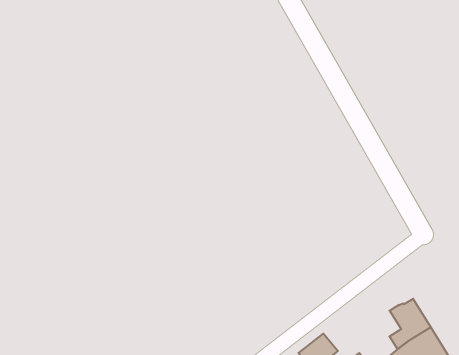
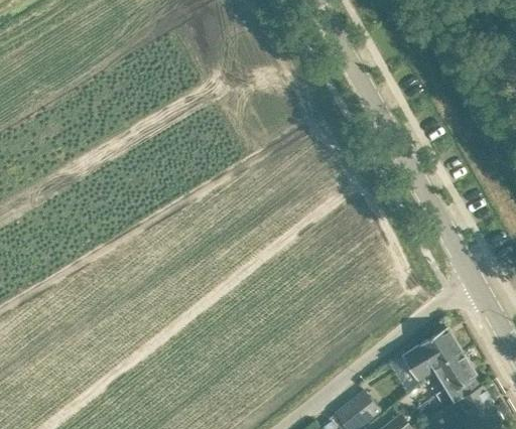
building: none -> [402,328,462,381]

